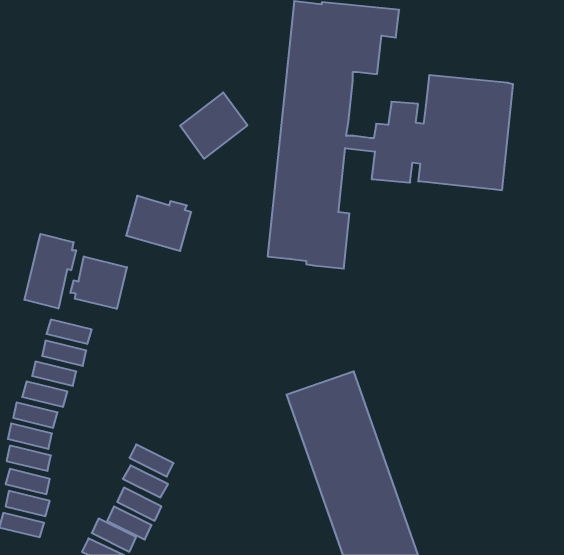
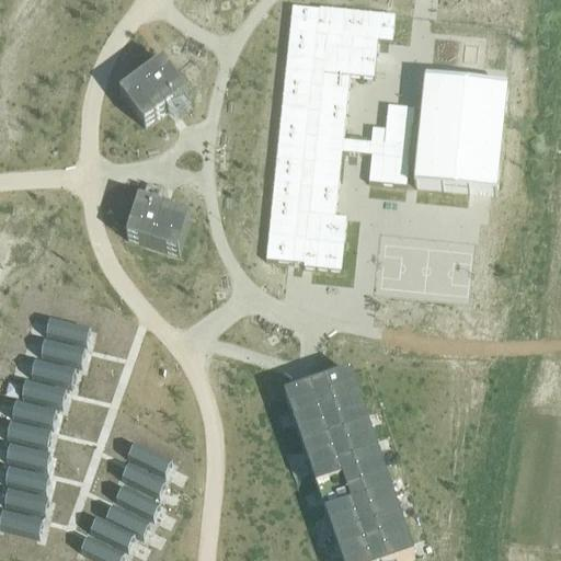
building: [180,92,247,159] -> [121,56,187,122]
building: [24,234,76,309] -> none
building: [70,256,127,309] -> none

